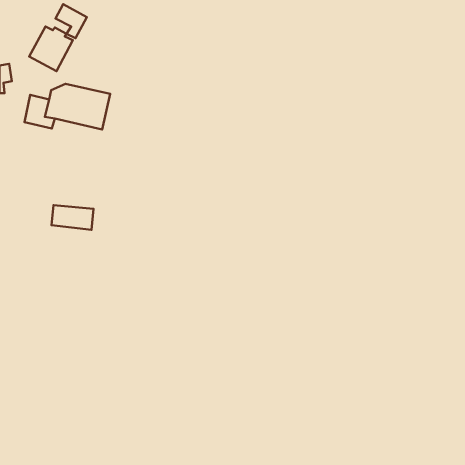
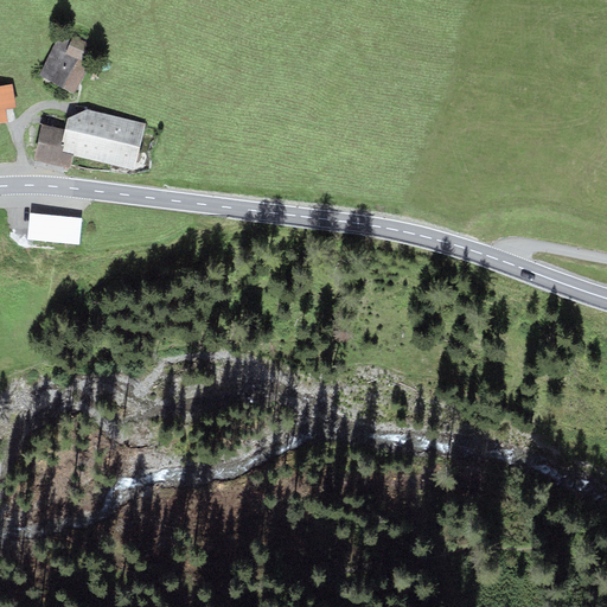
building: [56,4,87,38] -> none
building: [52,205,93,230] -> [26,212,81,244]

